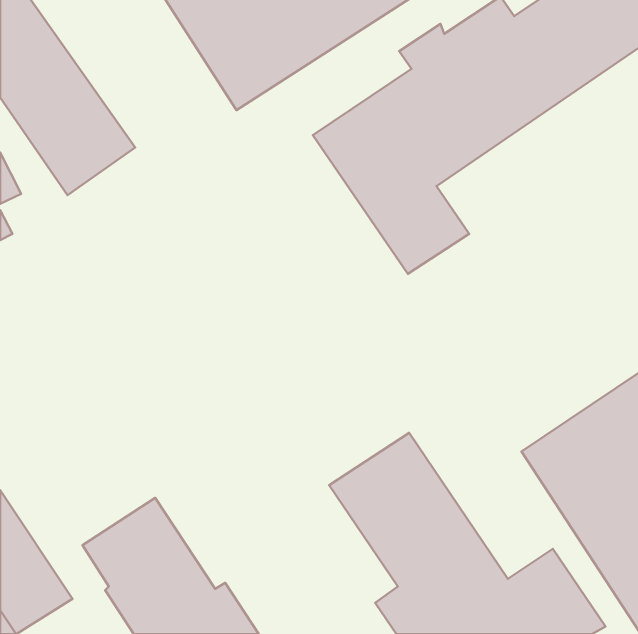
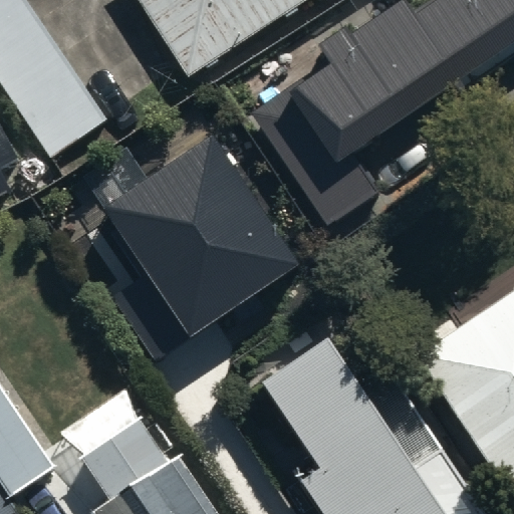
building: none -> [103,133,298,333]

